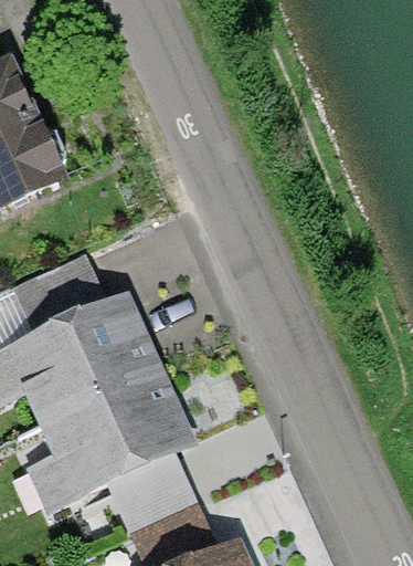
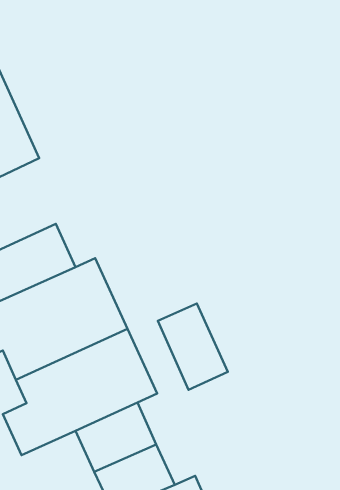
building: none -> [158,303,228,390]

